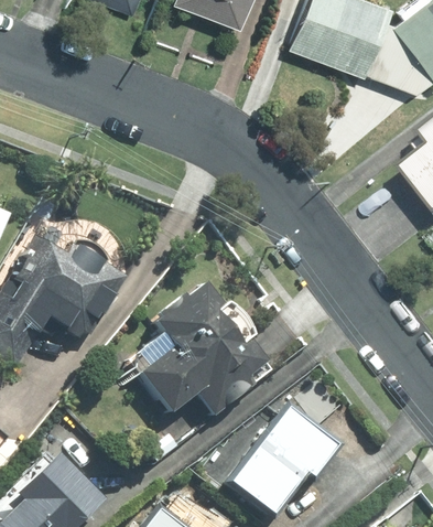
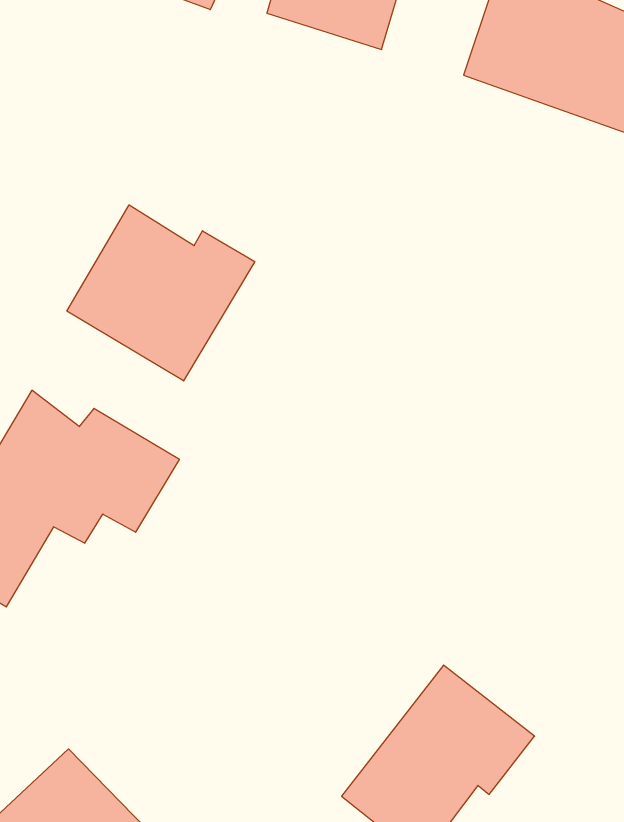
building: none -> [67,205,255,381]
building: [136,282,275,419] -> none

